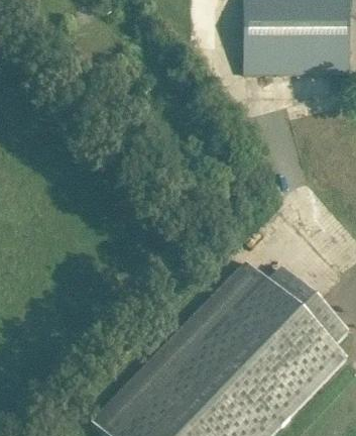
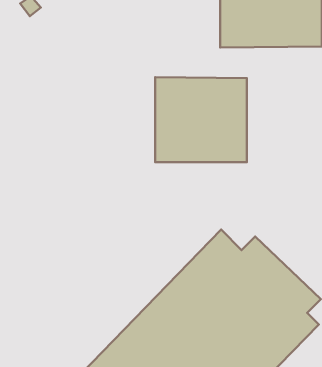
building: none -> [155,77,247,162]

